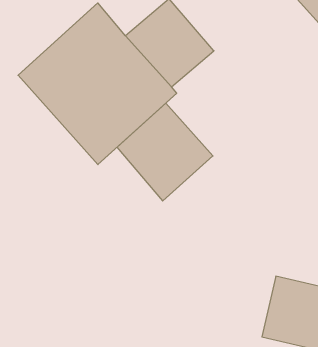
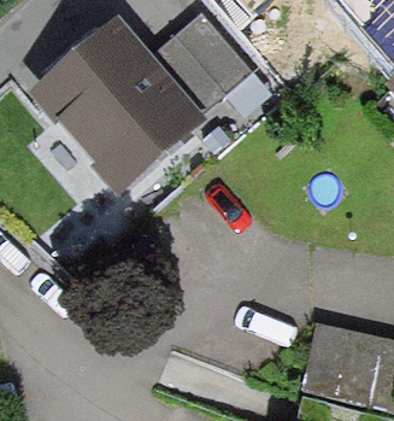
building: [117,103,213,201] -> none

